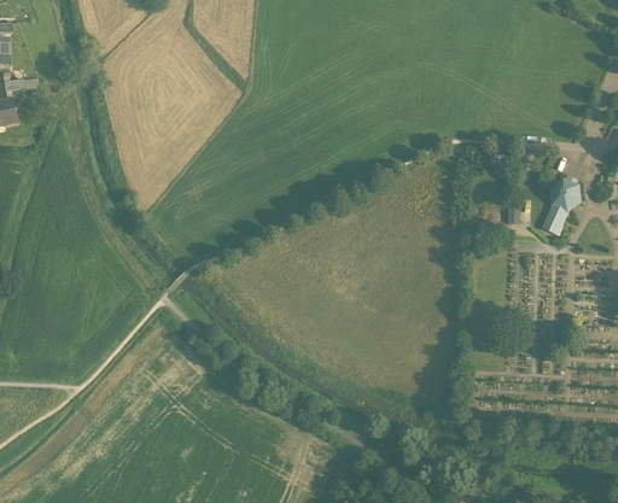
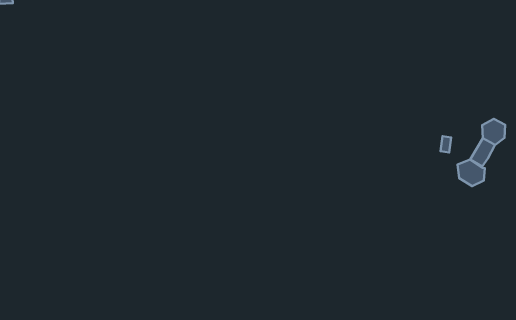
building: none -> [457,159,485,186]

